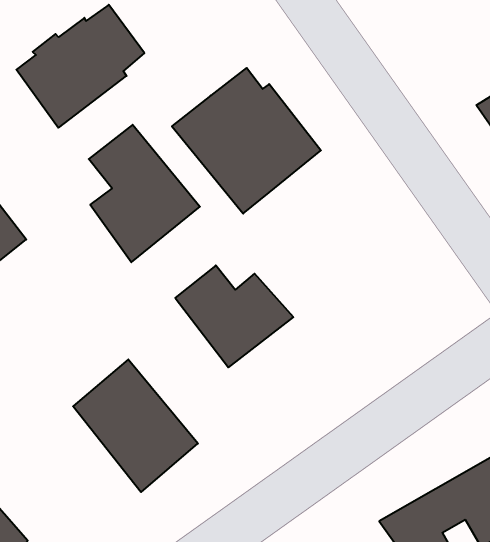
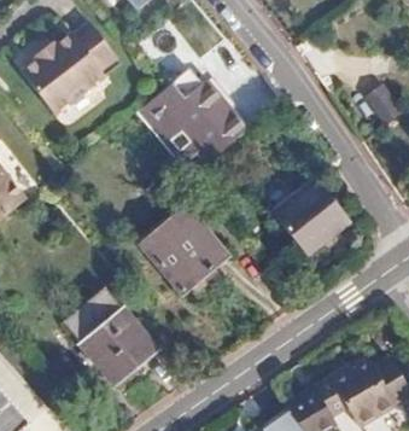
building: [89,125,200,262] -> none
building: none -> [277,185,352,258]

